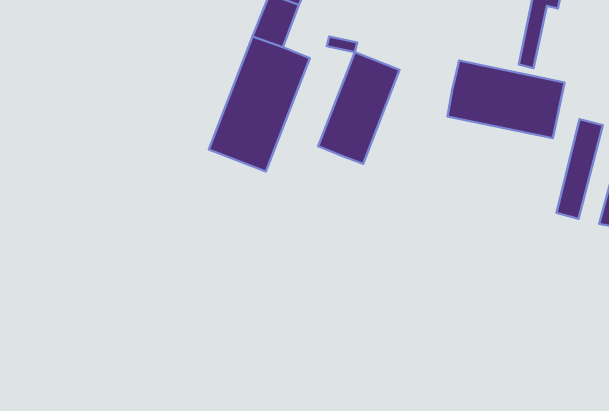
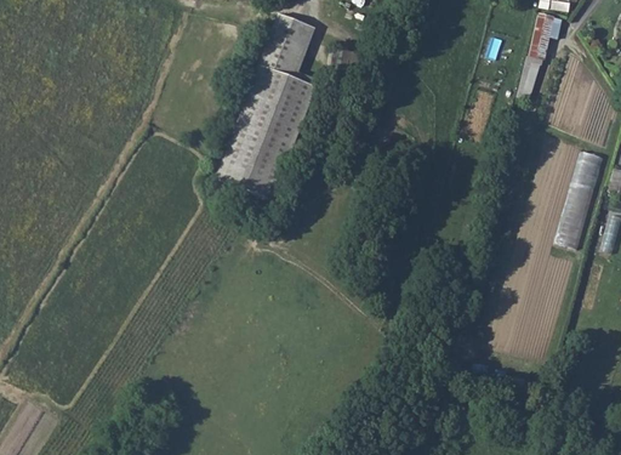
building: [318,52,399,164] -> none
building: [447,61,565,138] -> none

